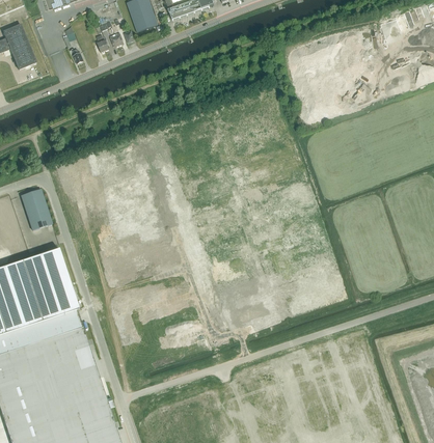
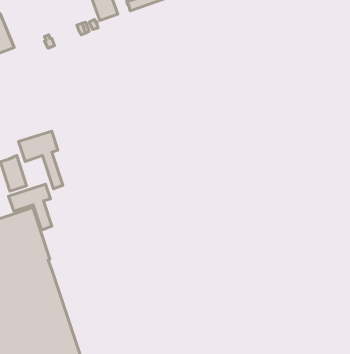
building: none -> [18,131,63,189]
building: none -> [8,184,52,230]

